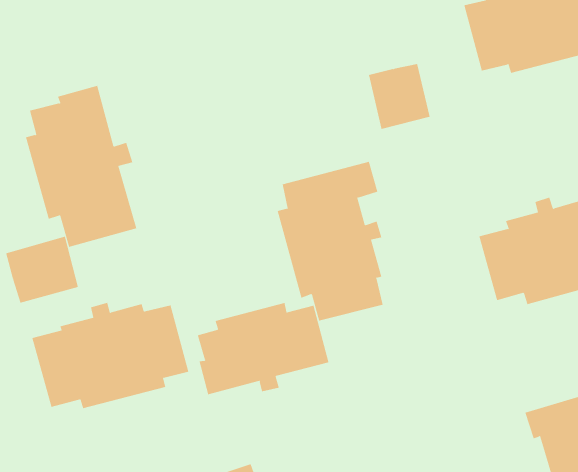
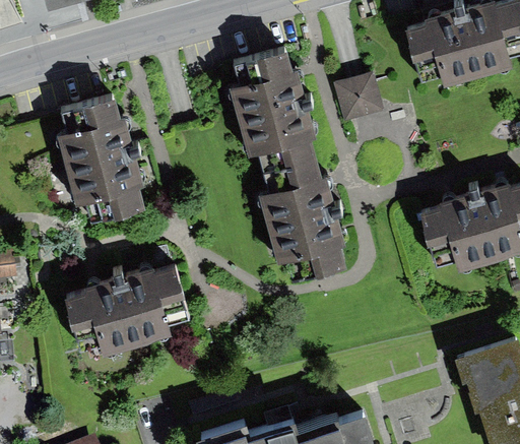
building: none -> [230,45,333,171]
building: [6,236,78,304] -> none
building: [197,302,329,395] -> none

